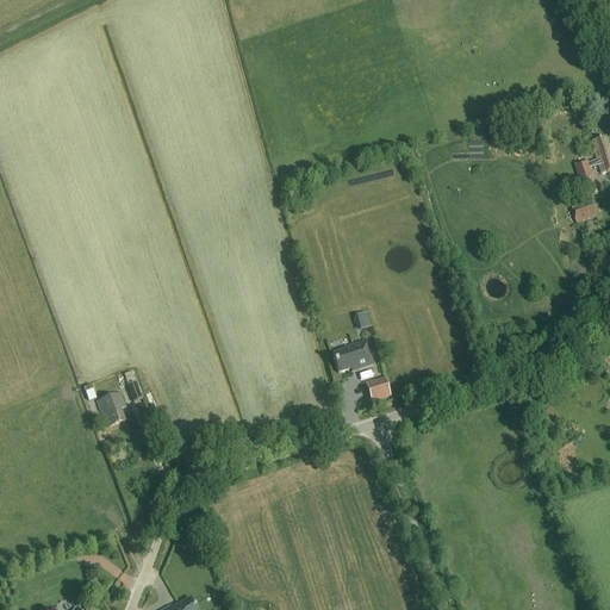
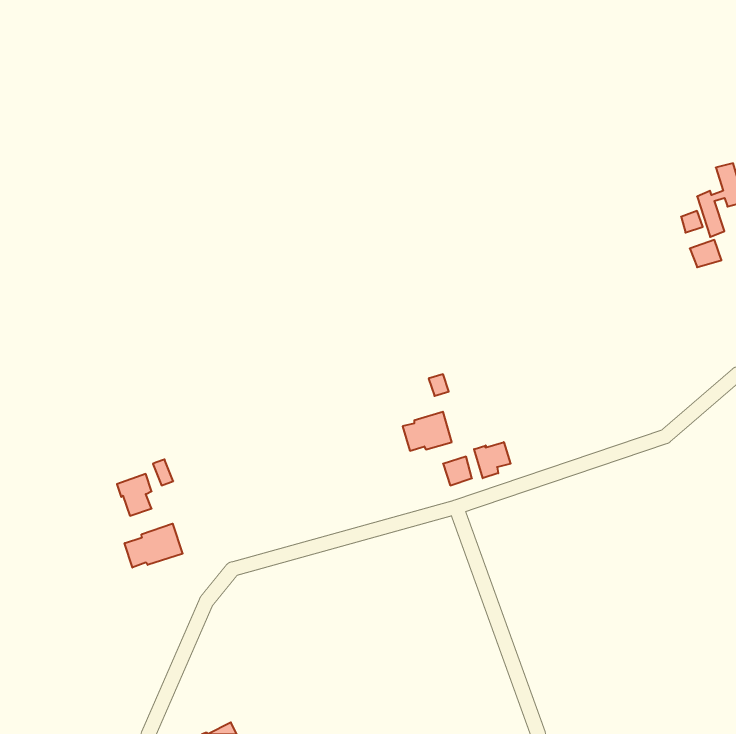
building: none -> [474,442,511,478]
building: none -> [125,524,183,568]

